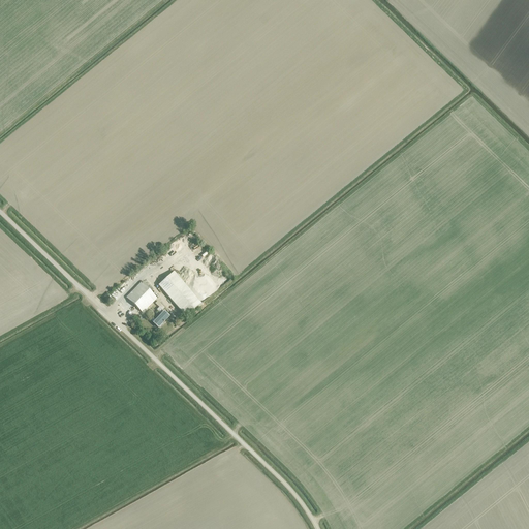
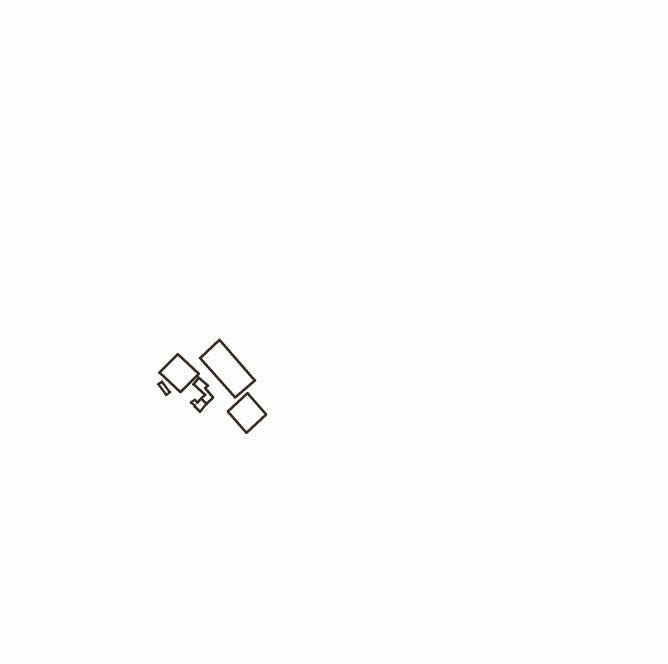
building: none -> [228,393,266,433]

